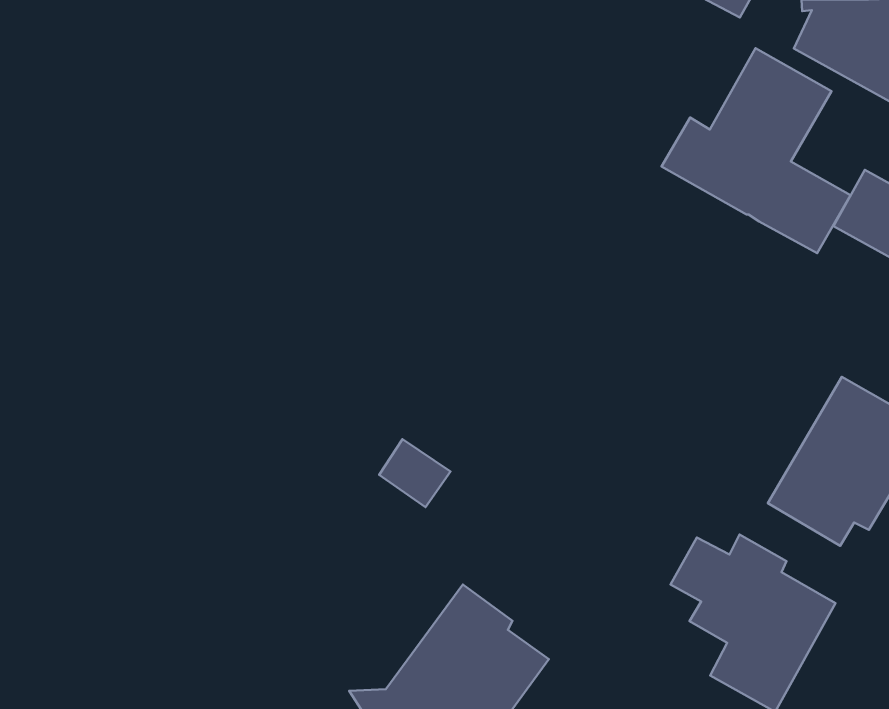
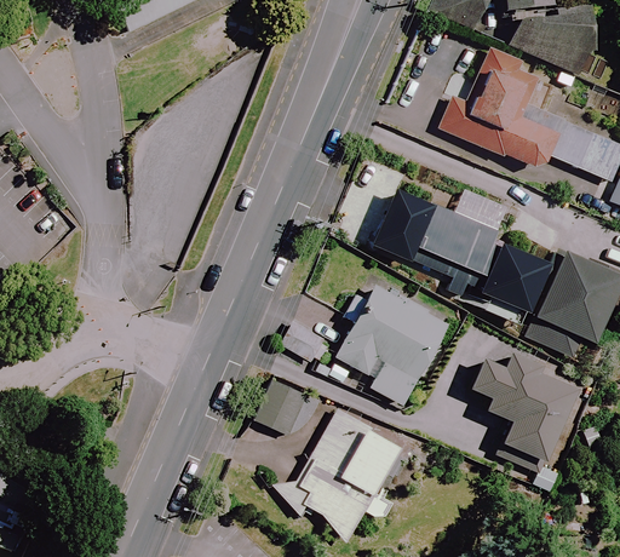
building: none -> [379,191,544,309]
building: none -> [337,285,449,406]
building: none -> [254,377,309,436]

